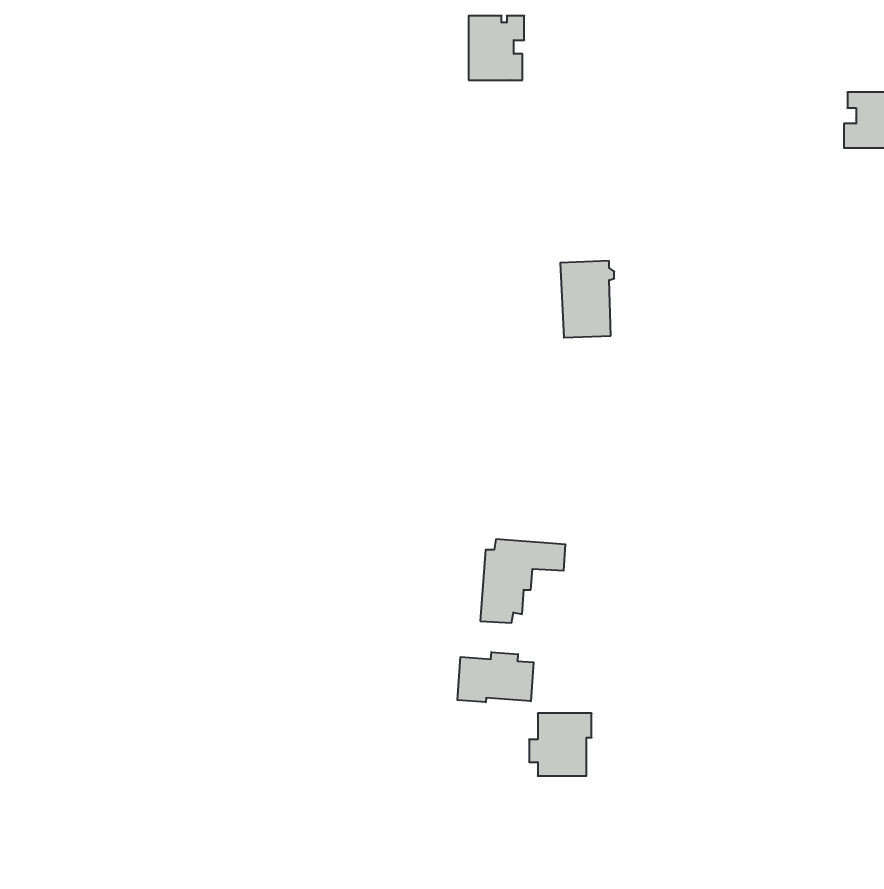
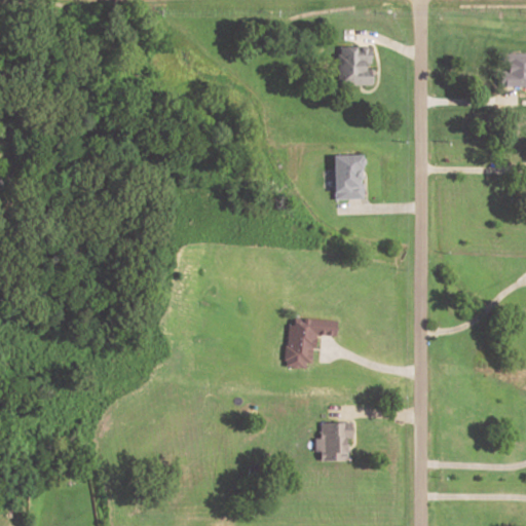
building: [469,16,524,80] -> [338,47,371,85]
building: [457,652,534,702] -> none

